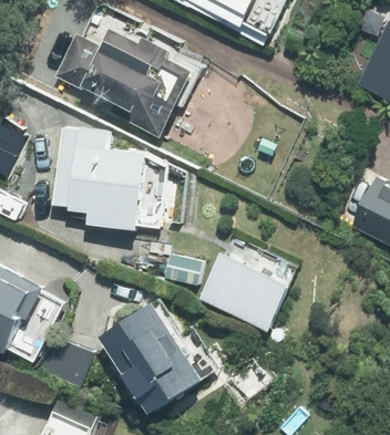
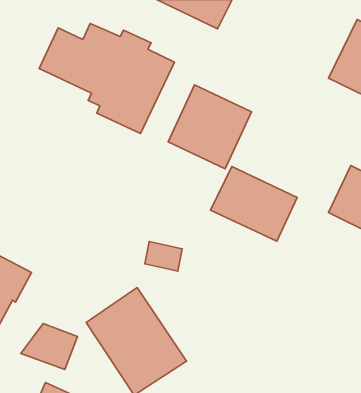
building: none -> [168,85,251,169]
building: [53,127,146,228] -> none
building: [197,256,287,333] -> [211,167,297,241]

